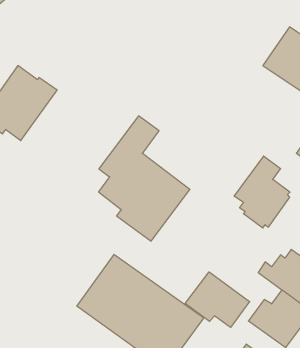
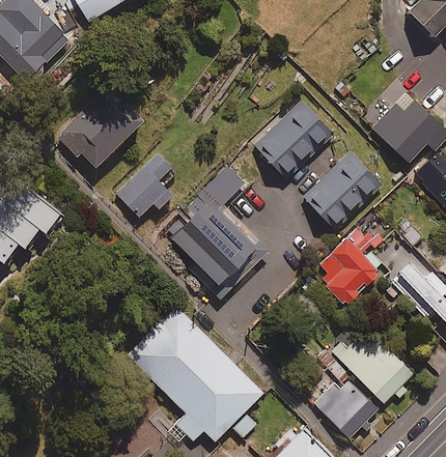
building: none -> [253,98,335,179]
building: none -> [302,149,383,230]
building: none -> [115,152,172,219]
building: [185,272,250,327] -> none

